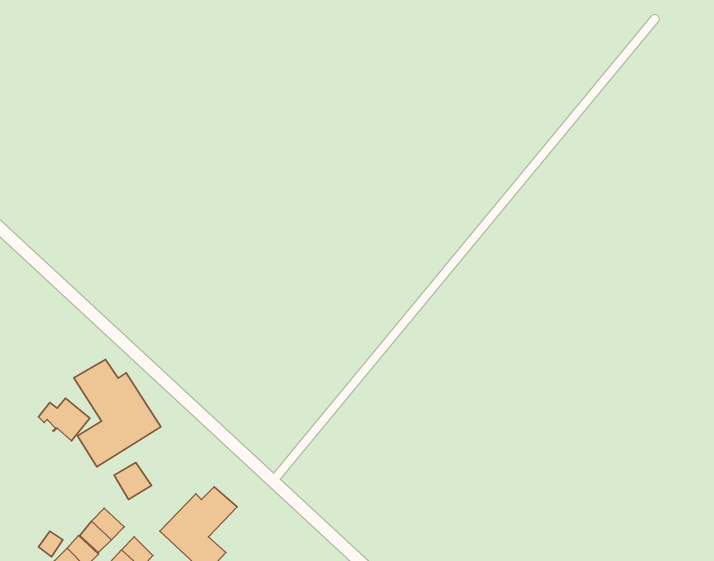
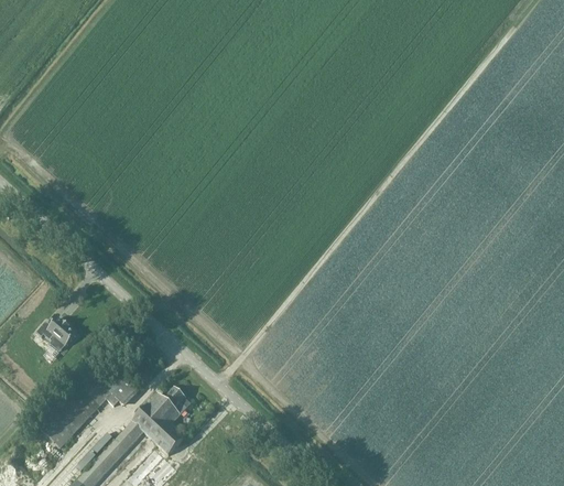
building: [74,359,161,467] -> none

